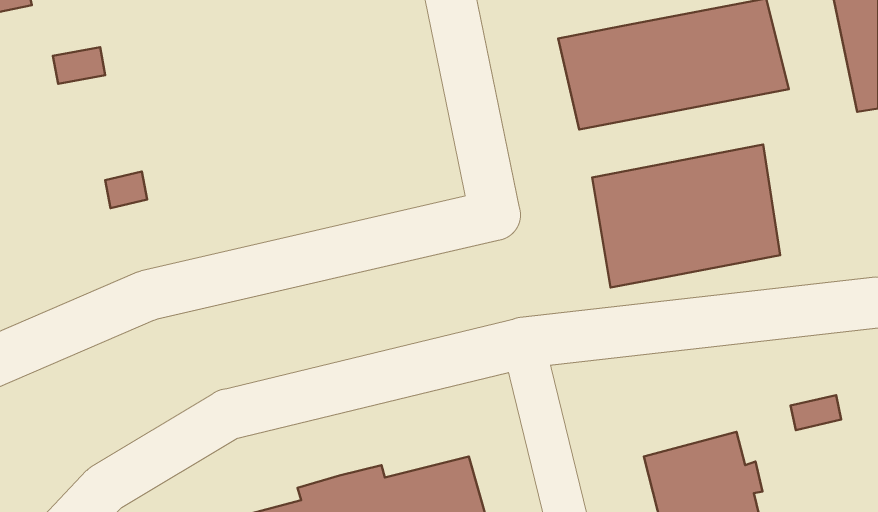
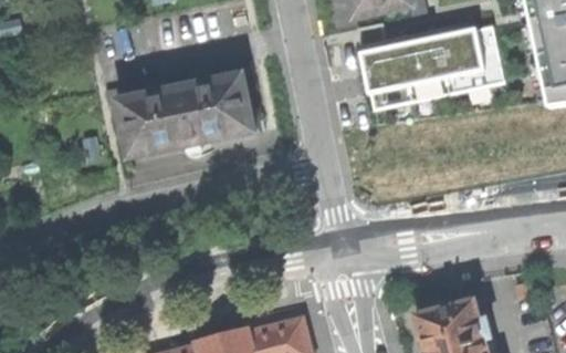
building: none -> [106,58,254,156]
building: [592,144,780,288] -> none

